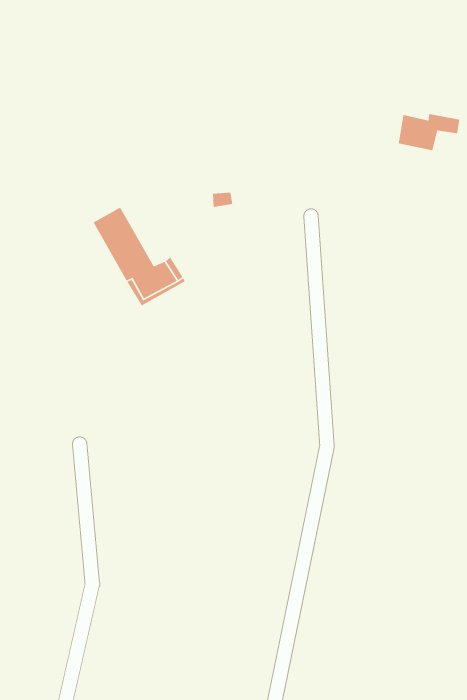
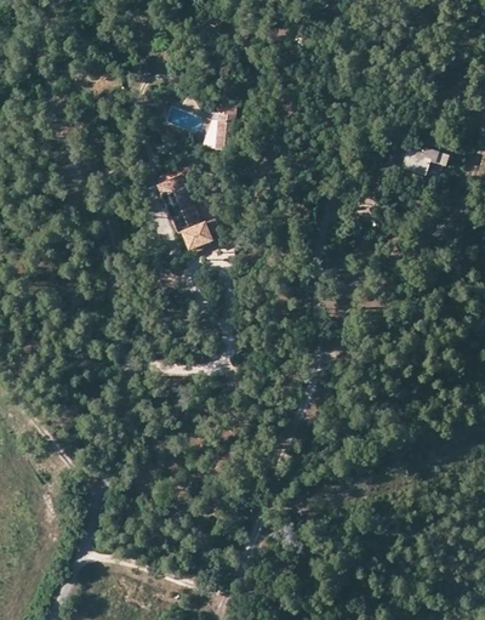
building: none -> [207,109,227,147]

